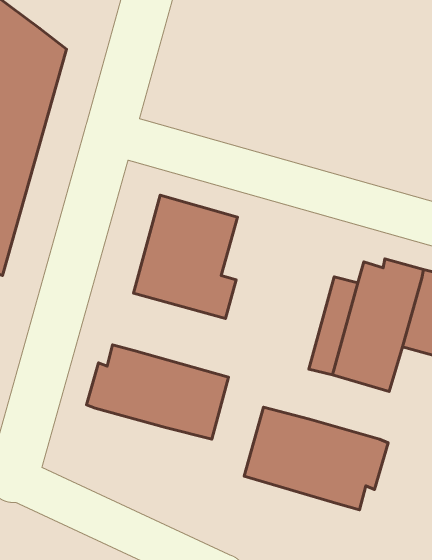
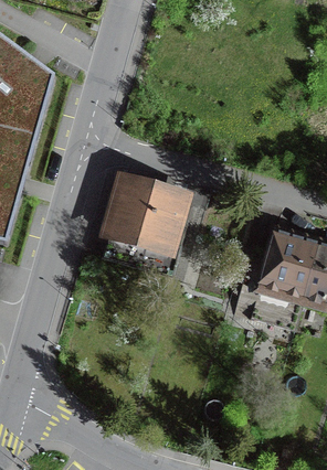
building: [86,345,228,439] -> none
building: [244,407,388,510] -> none

